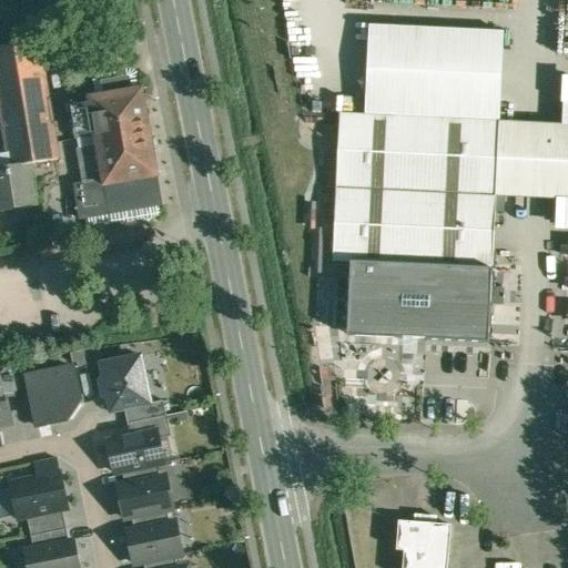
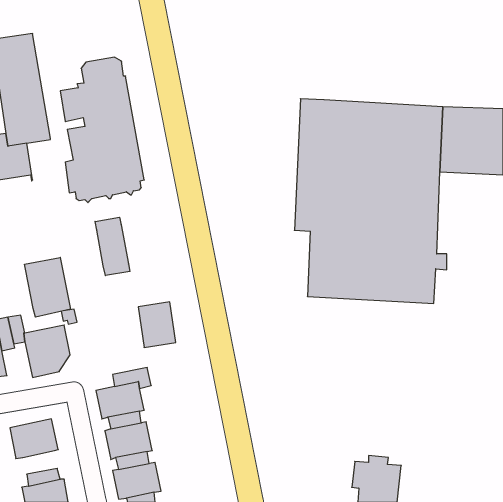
building: [364,29,501,120] -> none
building: none -> [95,217,130,276]
building: none -> [25,257,71,317]
building: [106,356,149,407] -> [138,302,176,347]
building: [26,506,64,532] -> none

